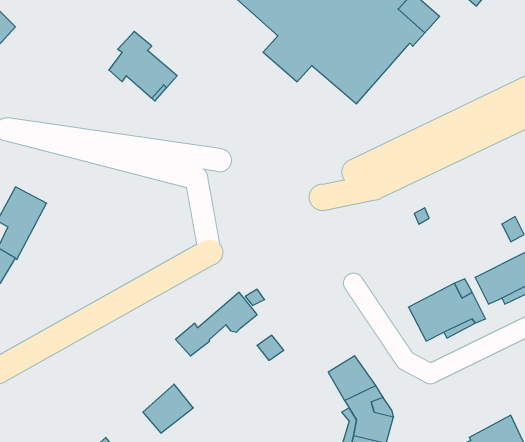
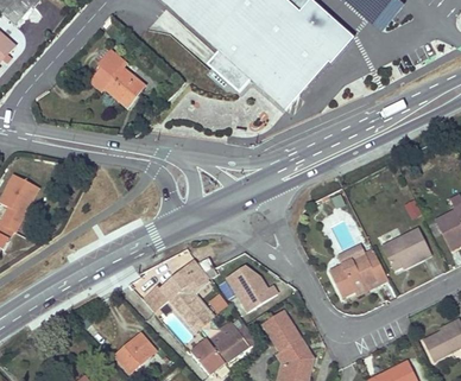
building: none -> [223,265,278,312]
building: none -> [169,285,207,325]
building: none -> [191,322,257,374]

